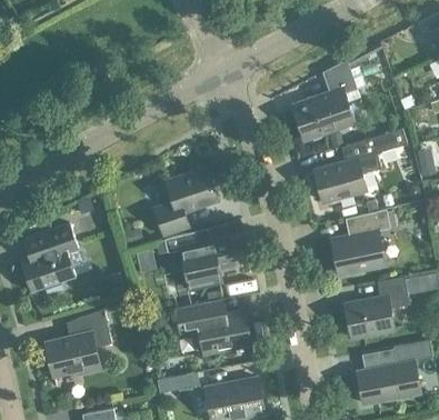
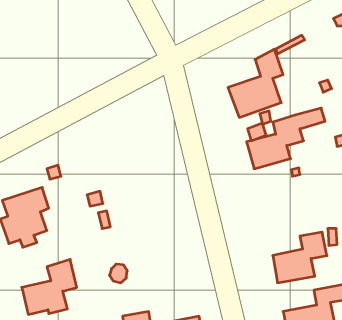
building: [153,168,218,236] -> none
building: [331,210,390,276] -> none
building: [163,229,235,289] -> none
building: [176,302,250,354] -> none

